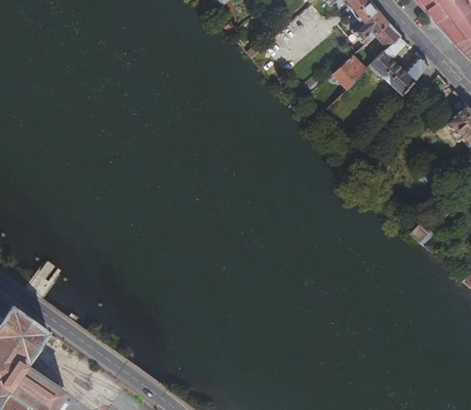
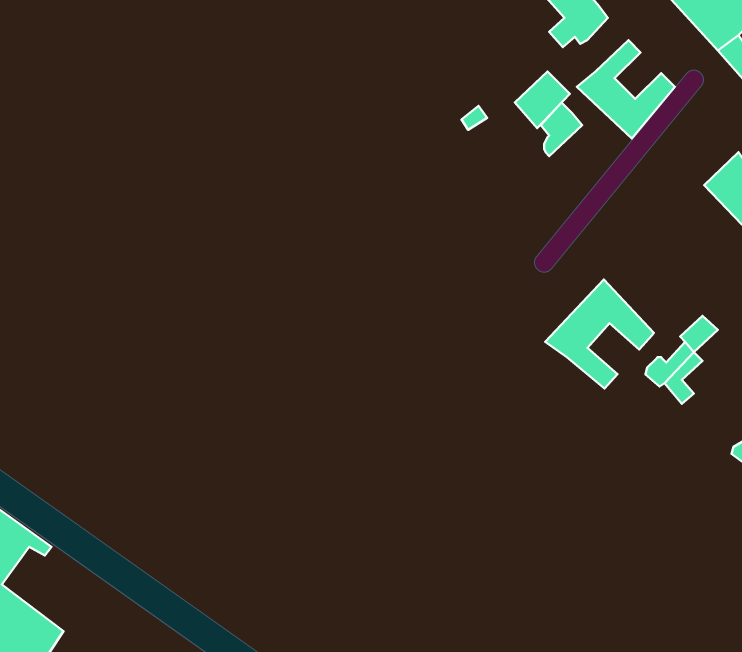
building: [376,24,400,55] -> [541,103,582,156]
building: none -> [545,280,654,389]

